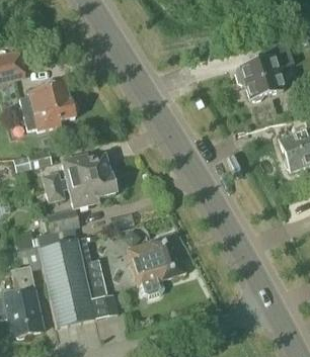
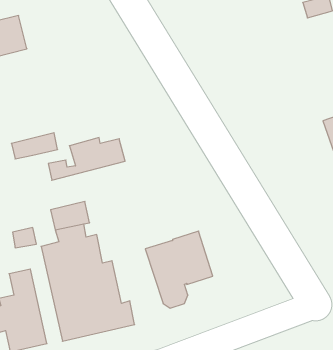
building: [235,55,283,99] -> none
building: [20,82,77,131] -> none
building: [47,174,117,208] -> none

